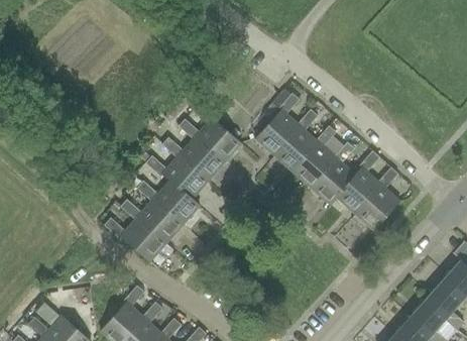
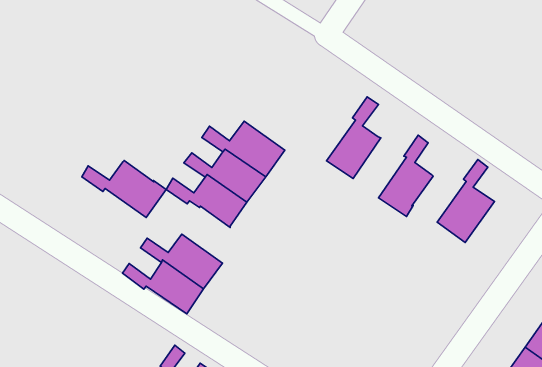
building: [255,92,299,154] -> none
building: [291,124,336,188] -> none
building: [335,150,379,212] -> none
building: [136,179,201,225] -> [82,160,166,218]

